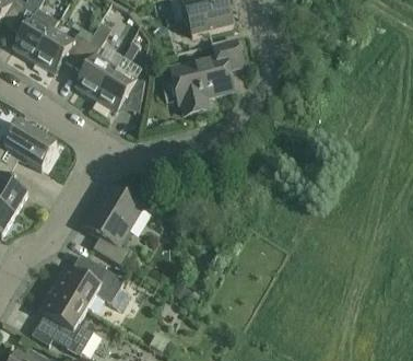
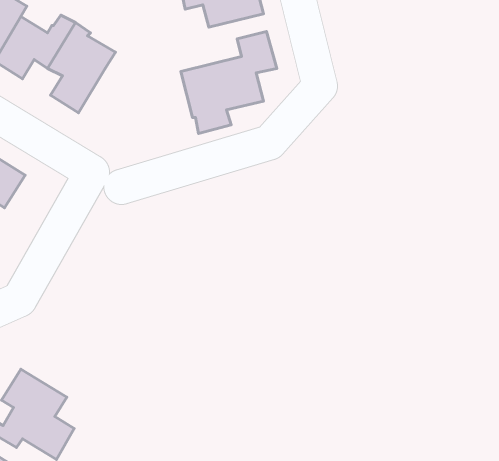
building: [96,65,144,110] -> none
building: [84,183,143,265] -> none
building: [54,252,125,307] -> none

